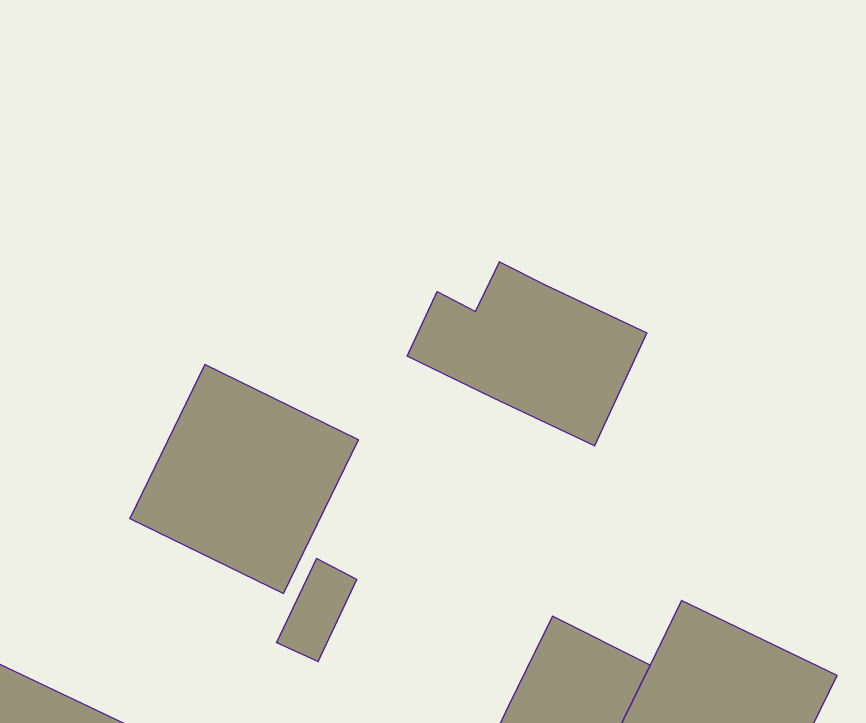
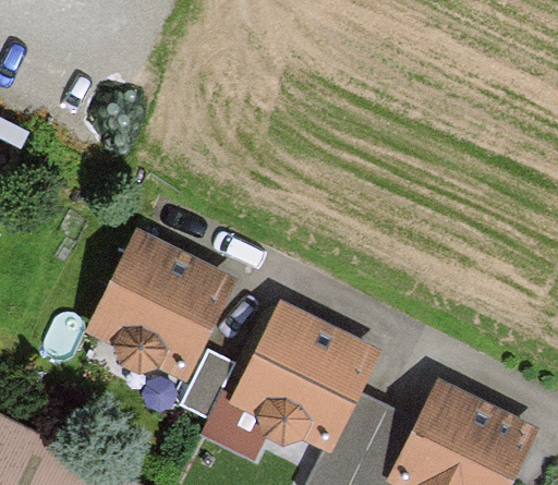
building: [407,262,647,446] -> none
building: none -> [231,307,374,450]

